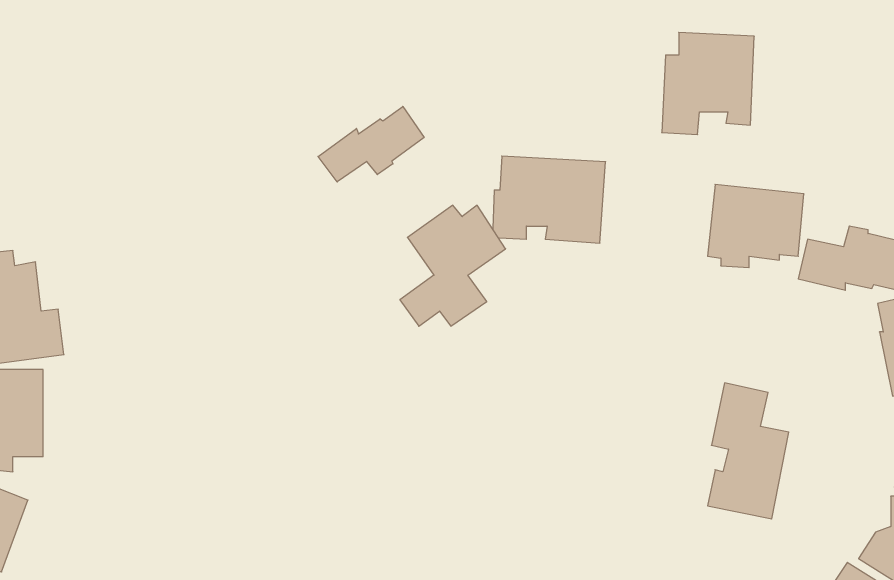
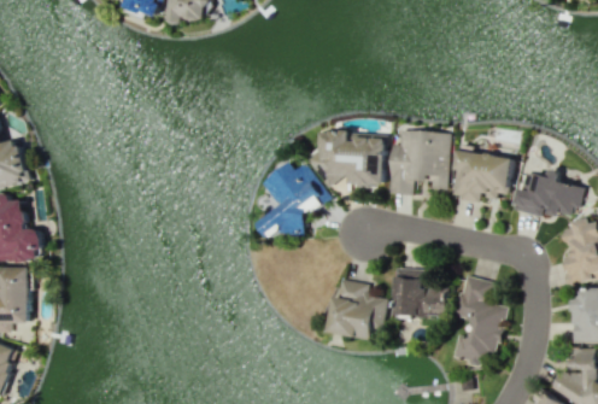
building: [662,32,754,135] -> [389,130,448,195]
building: [318,106,424,182] -> none
building: none -> [393,269,447,318]
building: none -> [329,280,387,340]

